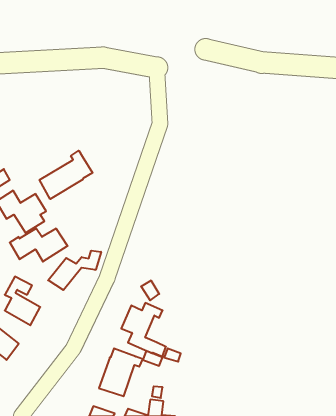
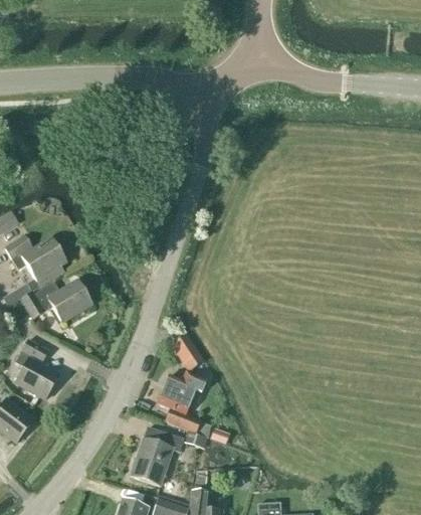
building: [40,151,93,199] -> none
building: [48,251,101,290] -> none

